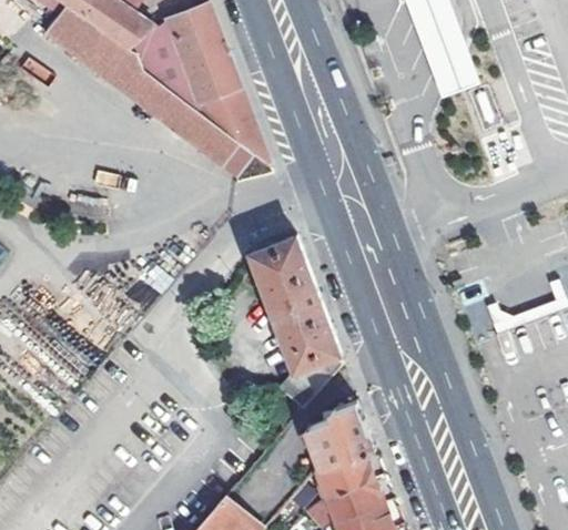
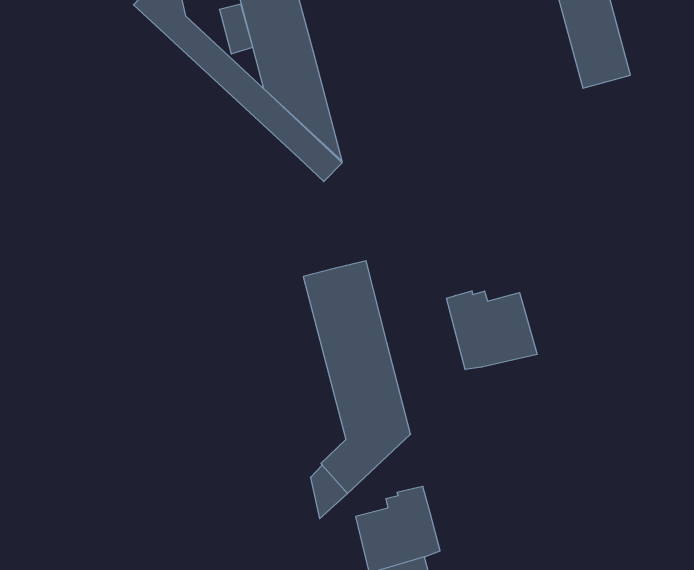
building: none -> [447,291,537,370]

